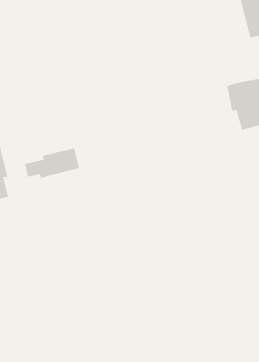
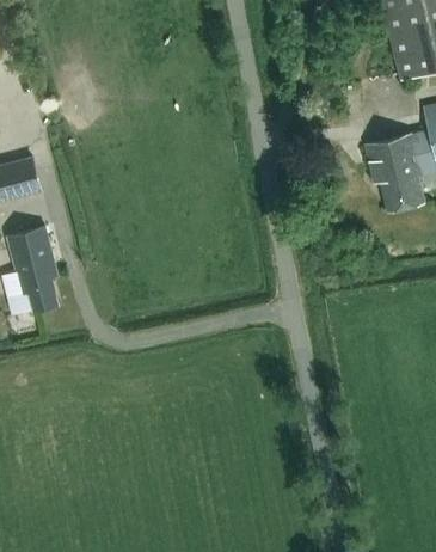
building: [24,148,79,178] -> none

